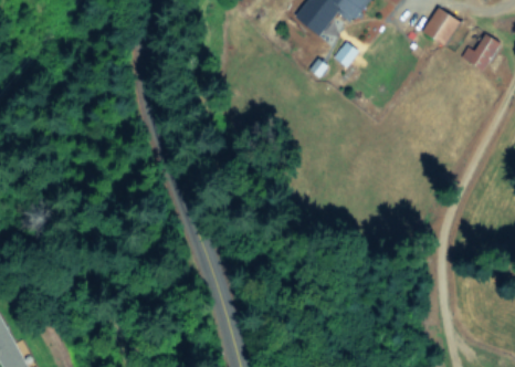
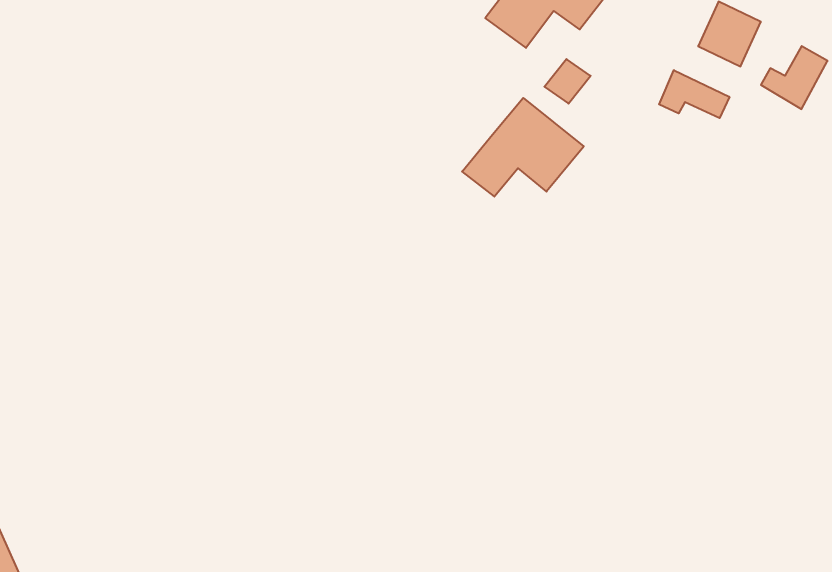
building: none -> [659,70,729,118]
building: none -> [462,98,584,197]

